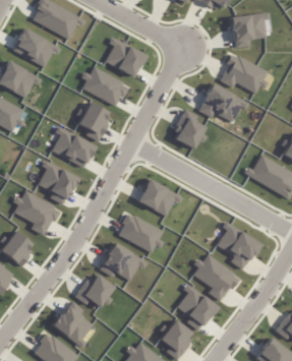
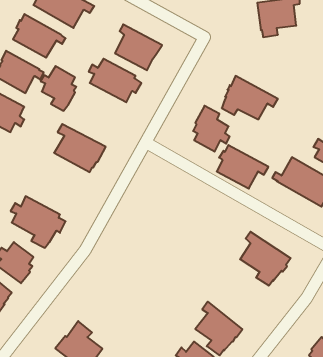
building: [219,55,267,94] -> none
building: [76,102,108,141] -> [41,66,76,111]
building: [37,159,78,204] -> none
building: [136,178,182,217] -> [217,145,268,189]
building: [117,214,163,253] -> none
building: [99,242,145,281] -> none
building: [192,254,238,301] -> none
building: [73,275,113,308] -> none

